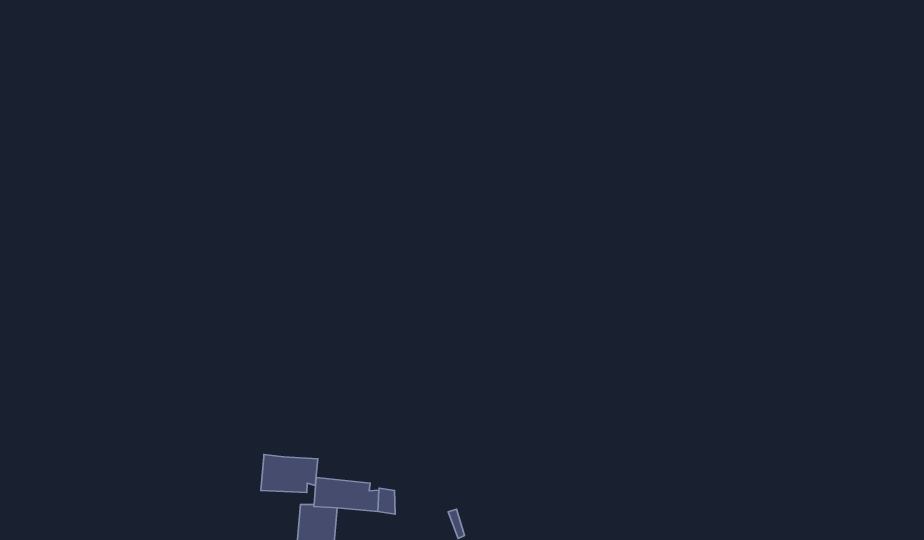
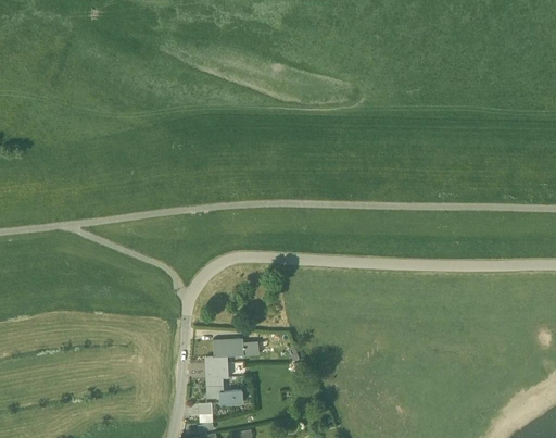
building: [261,455,318,493] -> none

